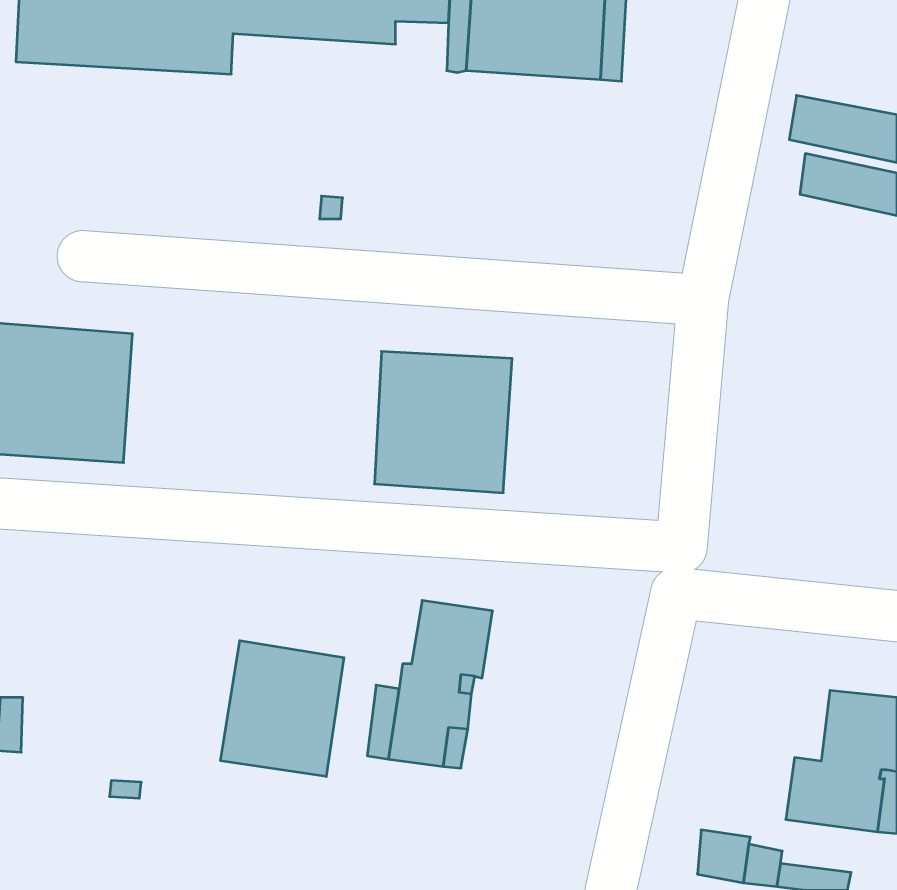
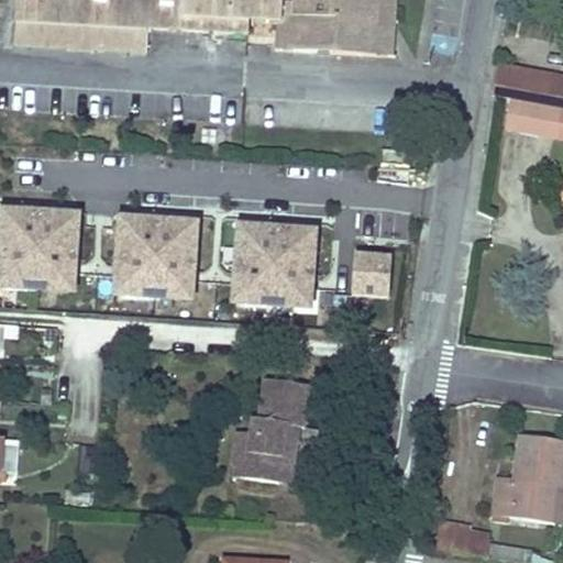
building: none -> [113,210,202,300]
building: none -> [352,255,391,299]
building: [221,641,344,777] -> none

